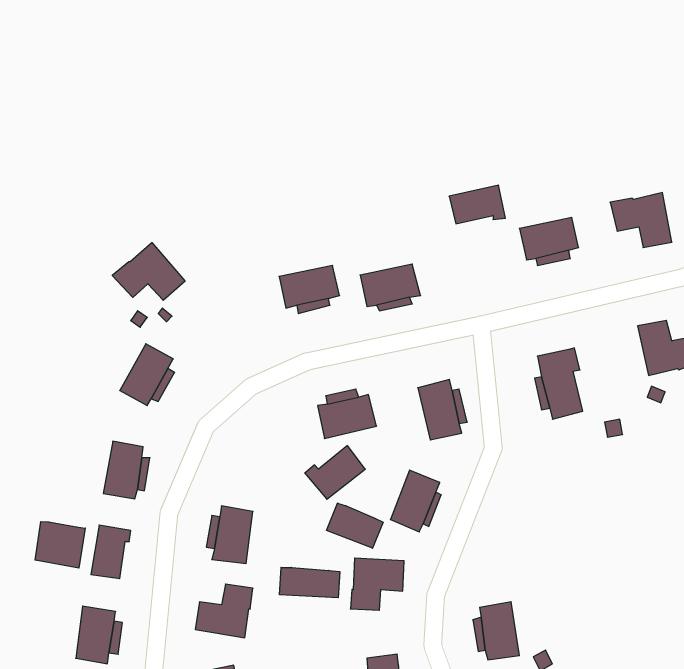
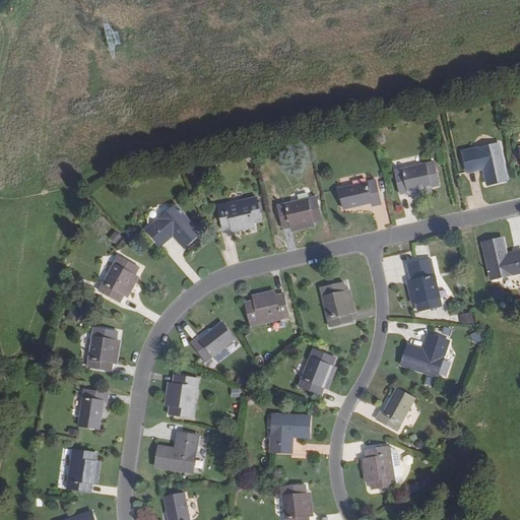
building: [449,185,505,224] -> [338,180,380,208]
building: [112,243,185,300] -> [145,204,199,247]
building: [305,446,365,499] -> [189,322,234,362]
building: none -> [400,334,448,377]
building: [327,503,383,548] -> none
building: [35,522,85,568] -> none
building: none -> [375,389,414,431]
building: [280,567,340,598] -> none

